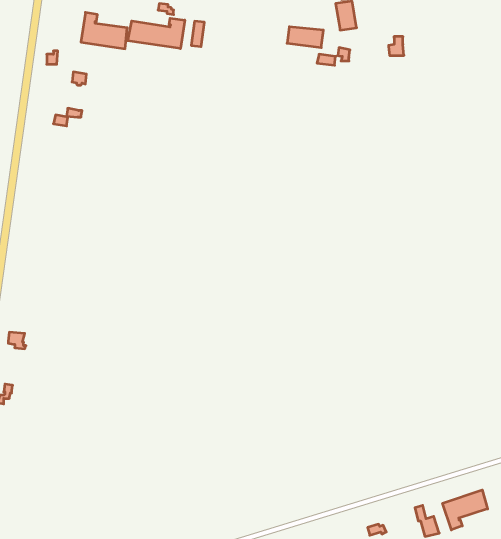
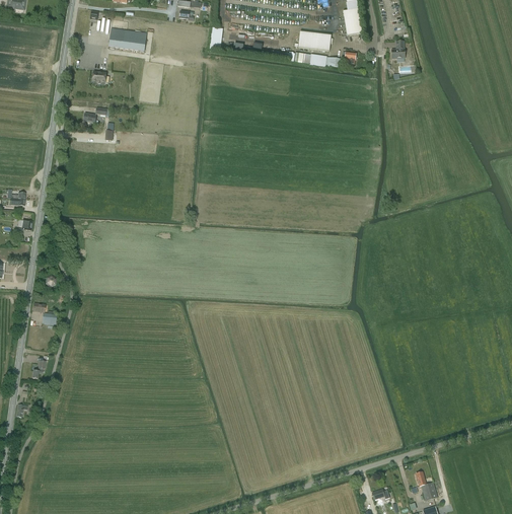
building: [128,18,185,49] -> none
building: [443,490,488,530] -> none

